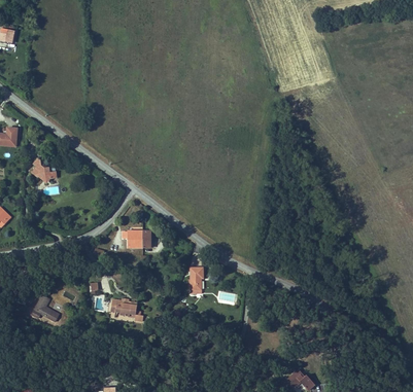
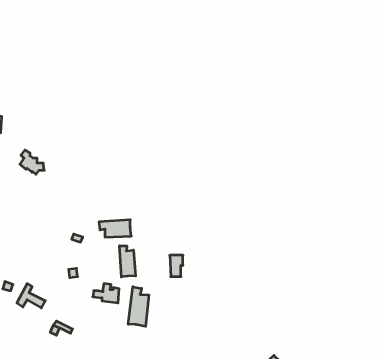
building: none -> [120,246,136,277]
building: none -> [128,287,149,326]

